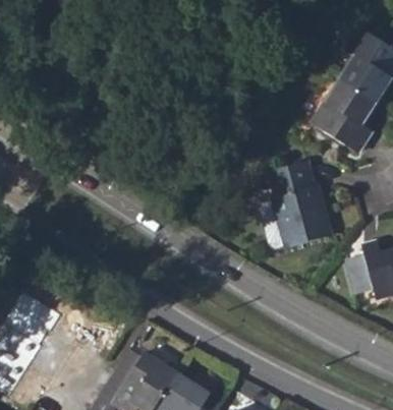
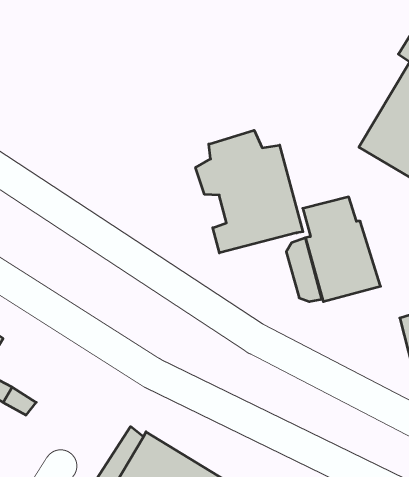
building: none -> [196,130,303,253]

